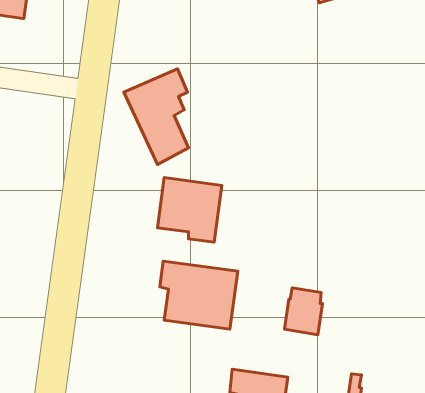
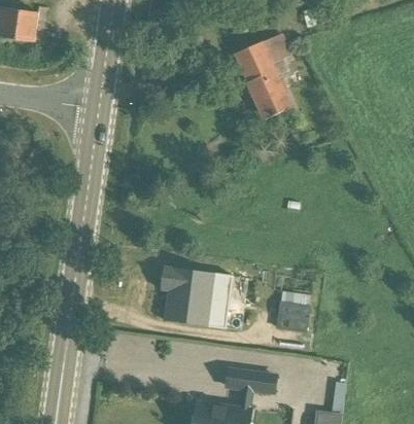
building: [124,69,189,164] -> [232,33,291,121]
building: [157,178,222,242] -> none

